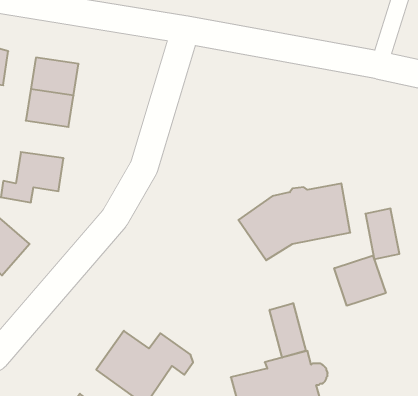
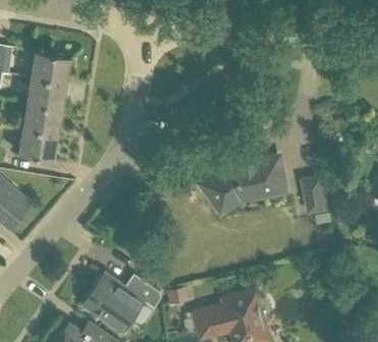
building: none -> [21,102,60,132]
building: [334,255,386,306] -> none
building: [270,303,306,358] -> none

